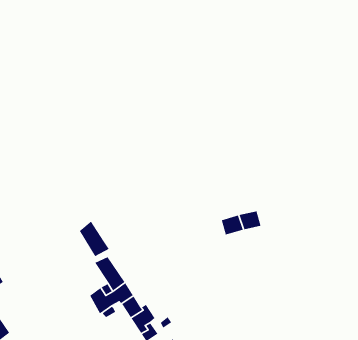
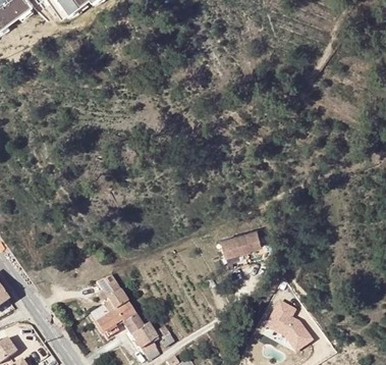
building: [79,220,110,257] -> none
building: none -> [263,299,314,351]

